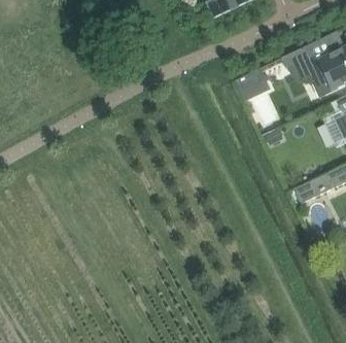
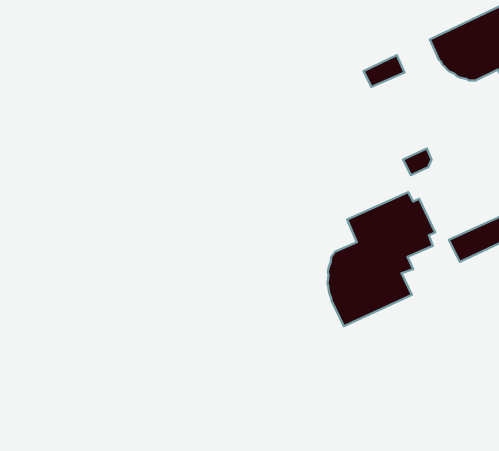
building: none -> [328,192,435,326]

